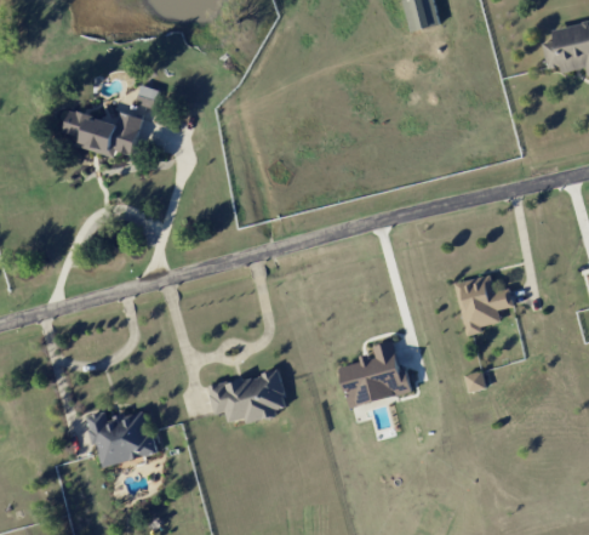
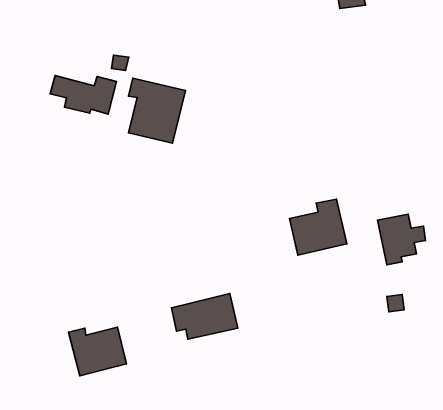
building: none -> [129,78,185,143]
building: [341,340,408,406] -> [290,199,347,255]

